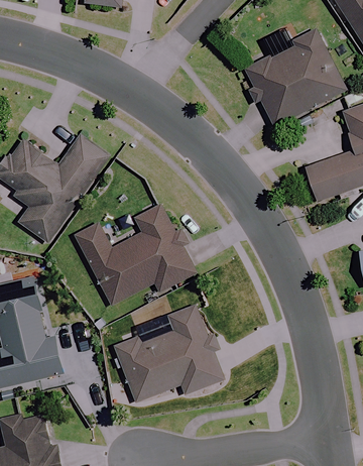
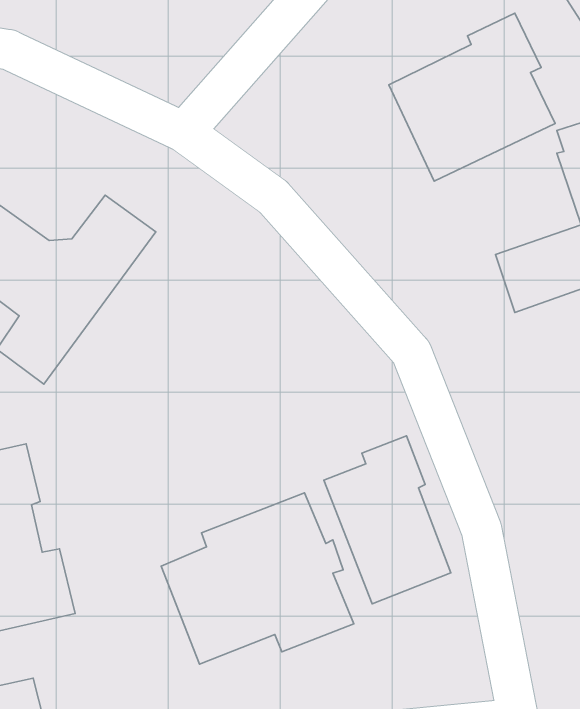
building: [76,205,195,307] -> none
building: none -> [324,436,451,604]

